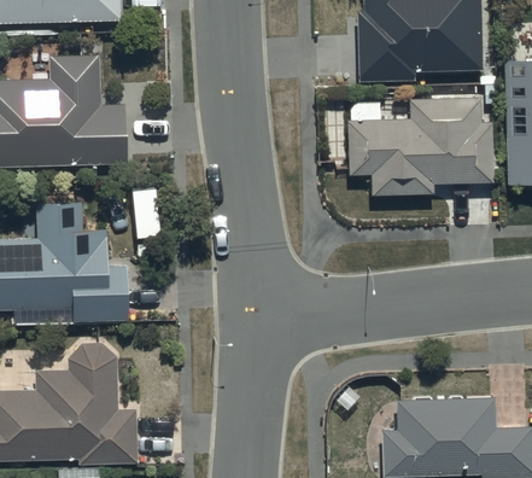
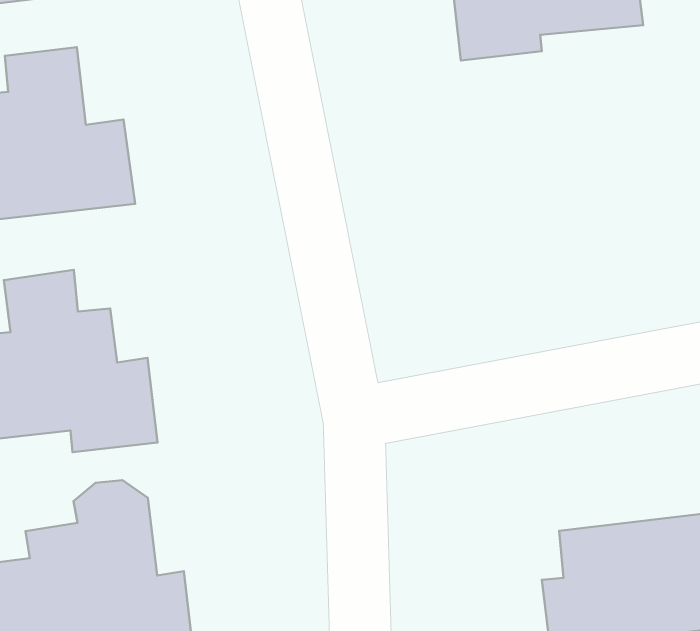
building: [340,100,496,197] -> none

